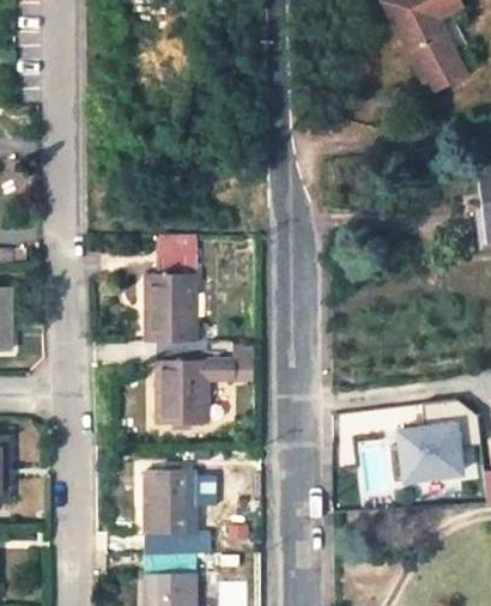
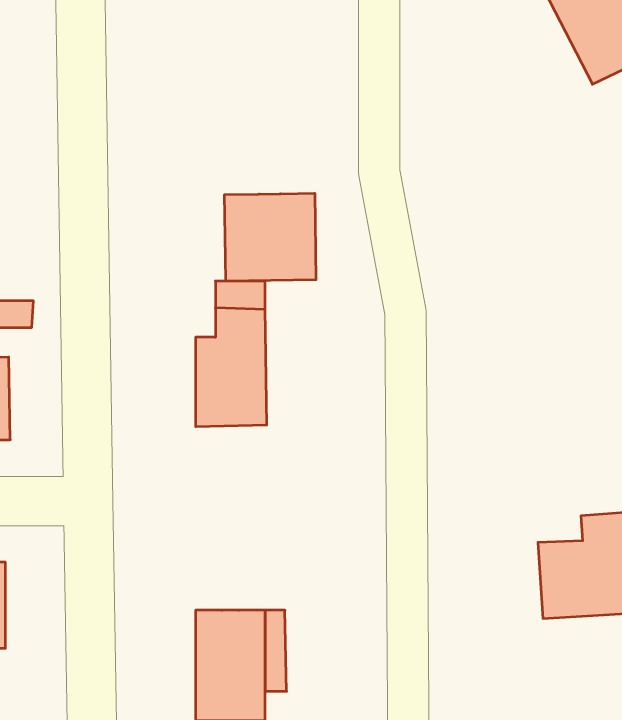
building: none -> [225,193,316,281]
building: [157,339,229,422] -> none

